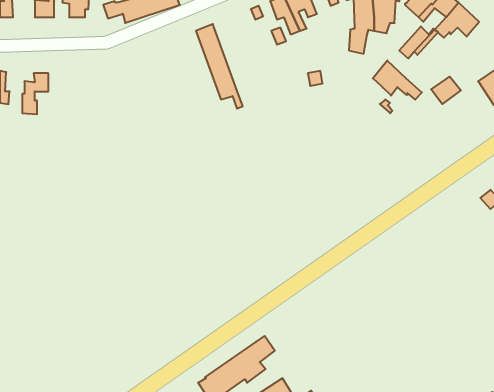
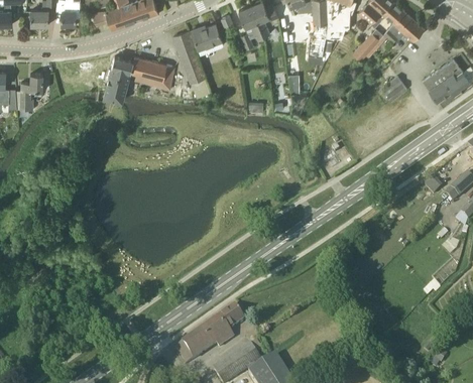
building: none -> [192,21,222,46]
building: none -> [103,53,174,100]
building: [373,60,422,100] -> none

